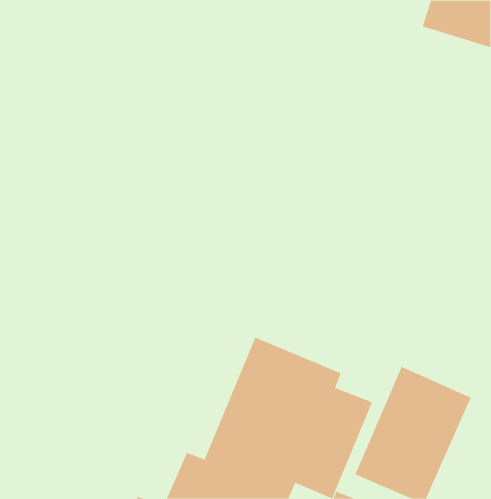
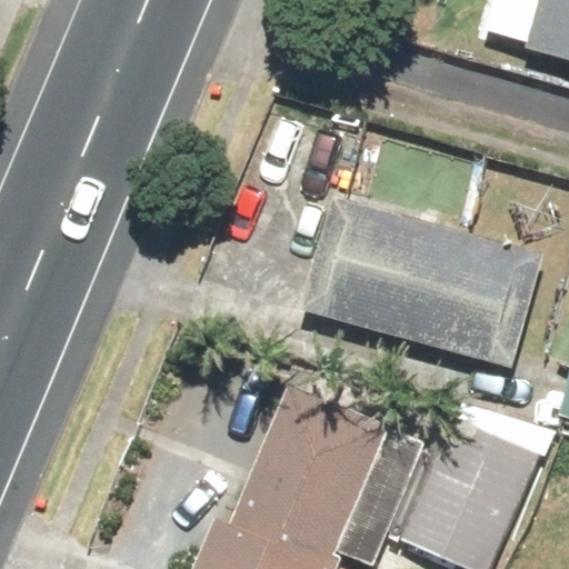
building: none -> [312,202,547,370]

